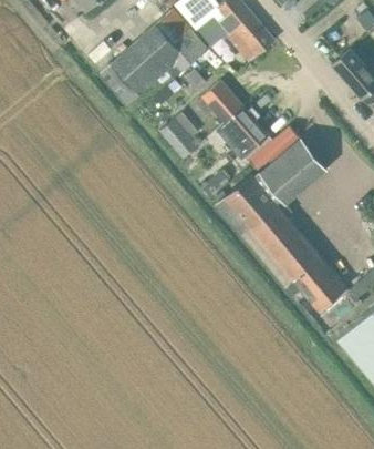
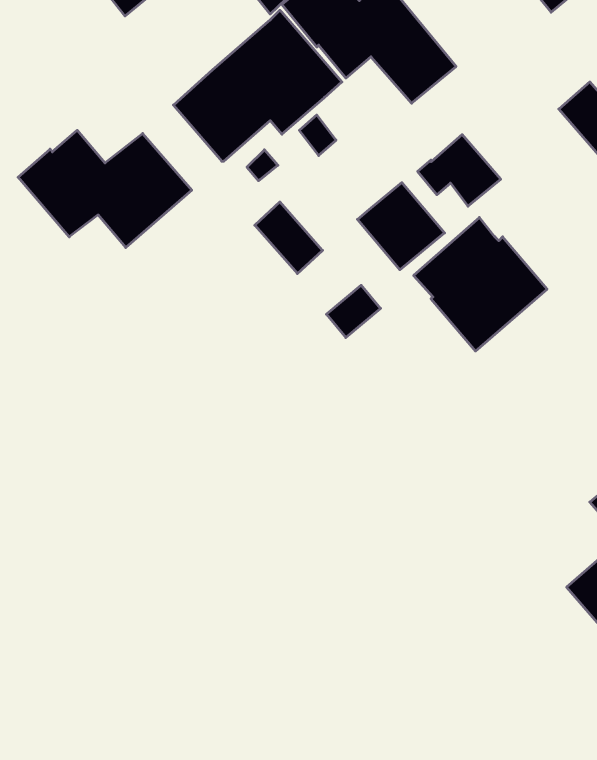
building: none -> [18,130,192,248]
building: [196,82,243,123] -> [418,135,501,206]
building: [216,175,346,310] -> none

